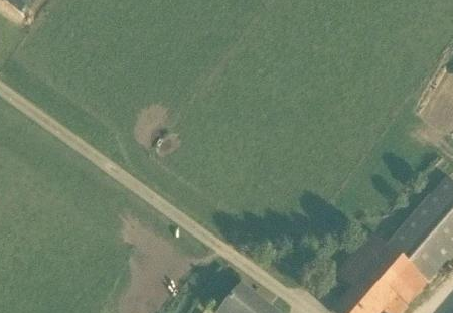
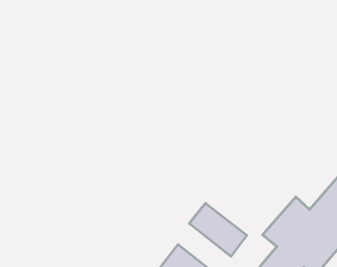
building: none -> [189,203,247,256]

